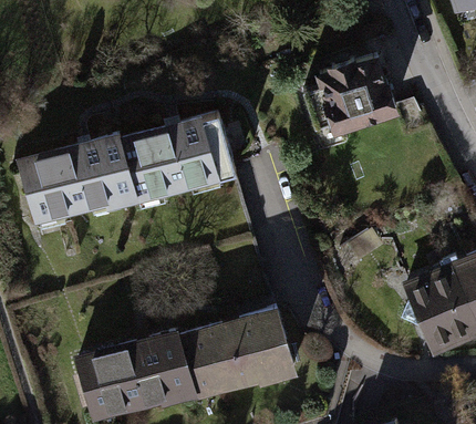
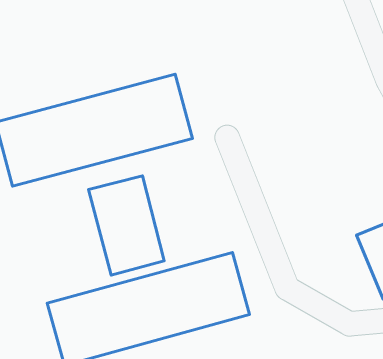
building: [307,51,394,137] -> none
building: none -> [88,176,164,275]

